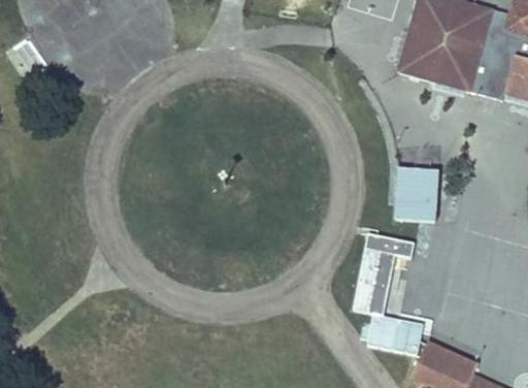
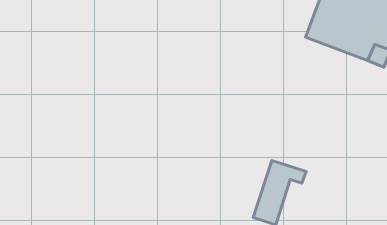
building: [396,167,440,221] -> none

